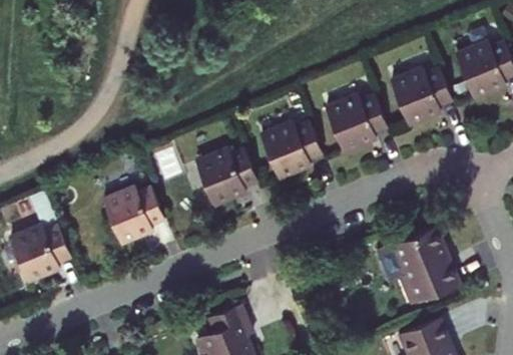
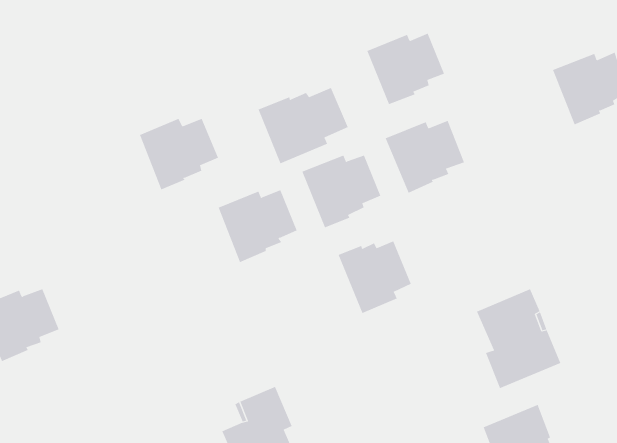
building: [390,69,451,125] -> [366,33,445,105]
building: none -> [258,87,348,164]
building: [102,189,164,245] -> [139,118,219,190]
building: none -> [338,240,412,314]

